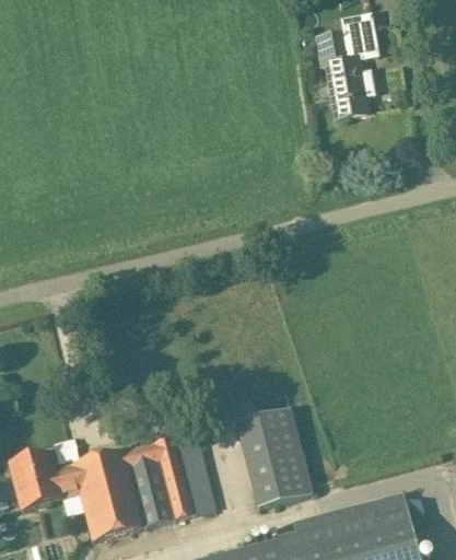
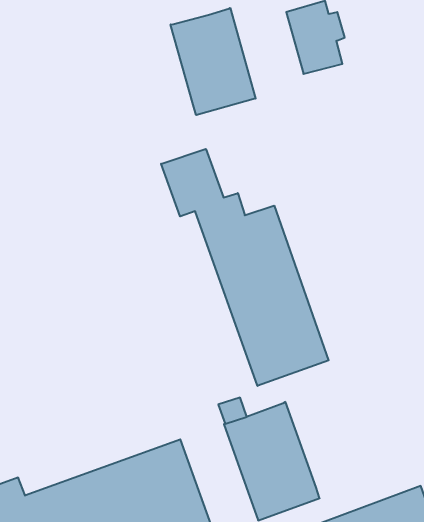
building: none -> [171,8,256,115]
building: none -> [161,149,329,386]

